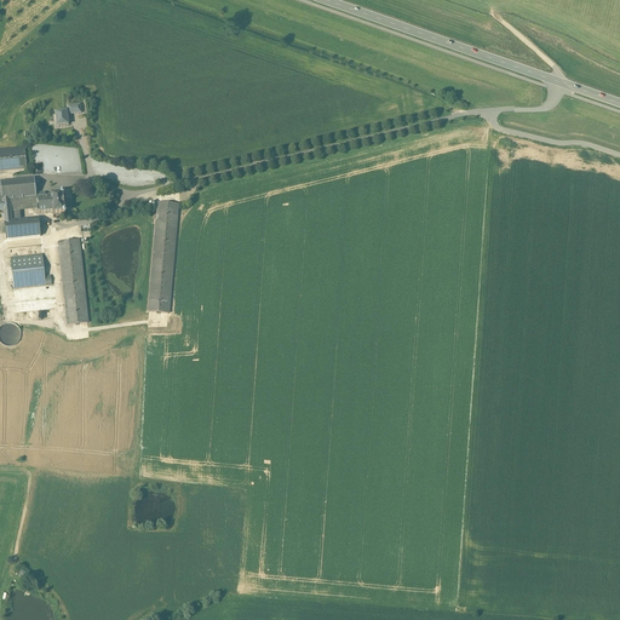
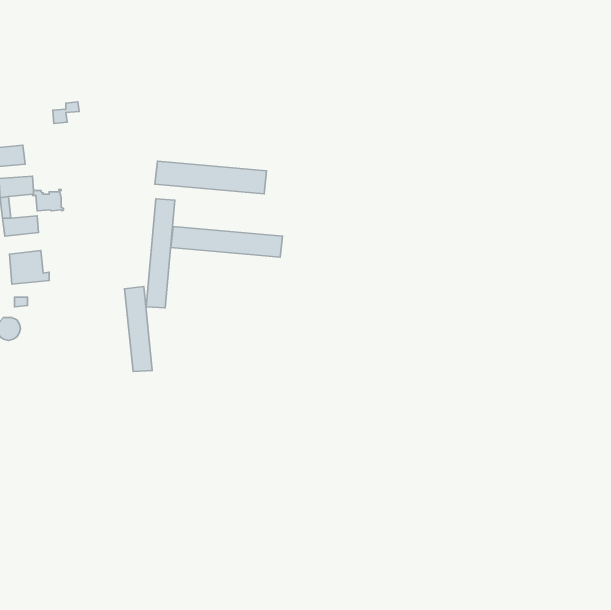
building: none -> [155,161,267,194]
building: none -> [171,226,283,257]
building: [58,237,86,323] -> [125,287,152,372]

